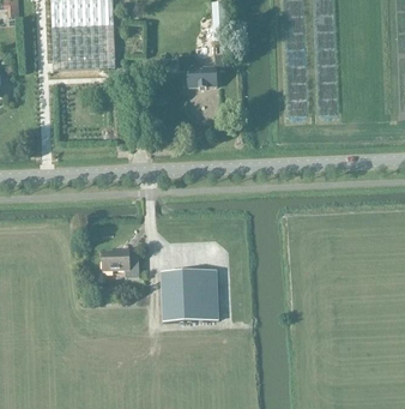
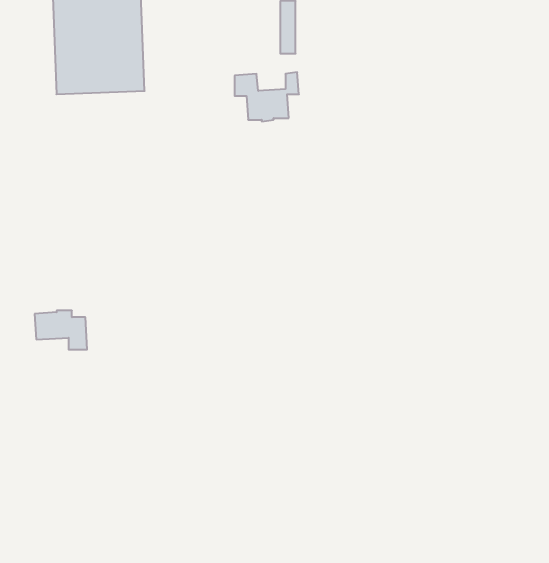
building: [101,249,138,277] -> [35,311,87,350]
building: [159,270,216,321] -> none

